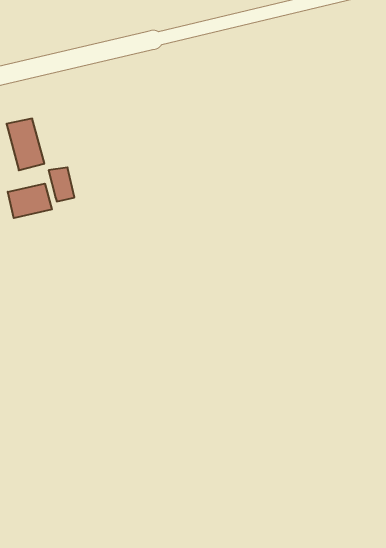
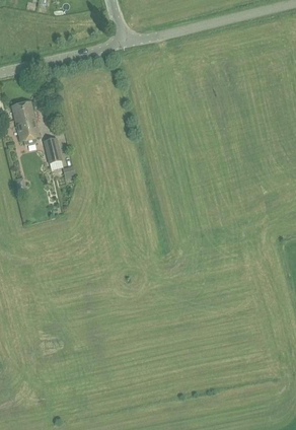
building: [8,184,52,218] -> none

